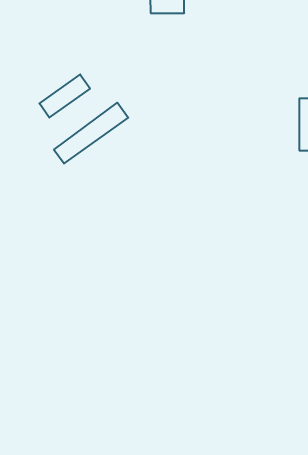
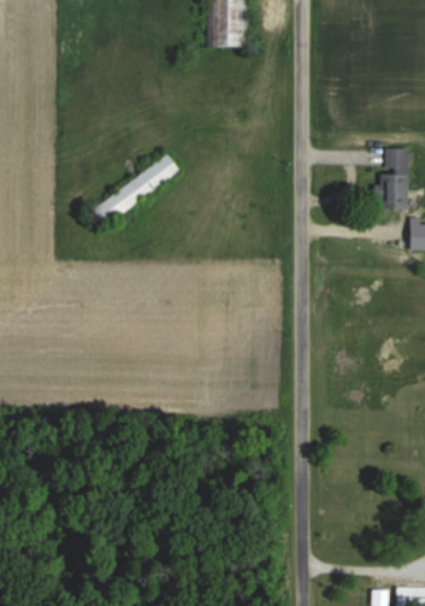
building: [39,74,90,118] -> none

